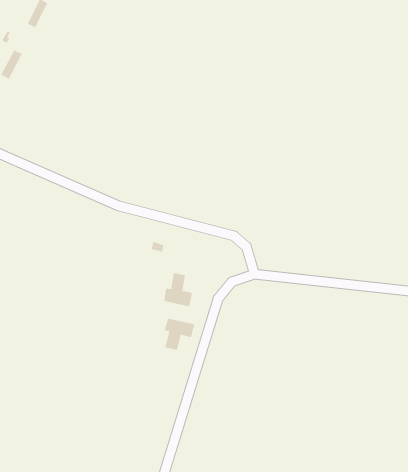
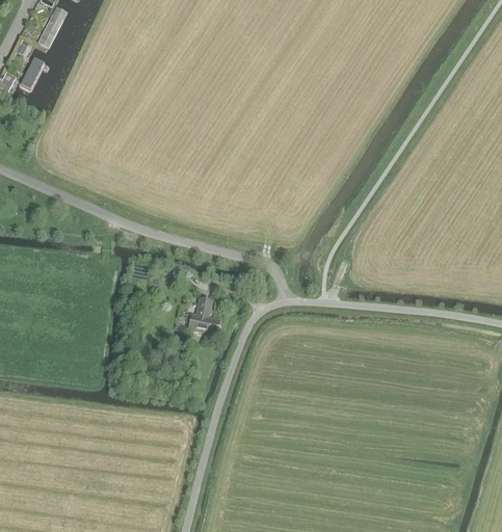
building: [163,318,195,351] -> none

